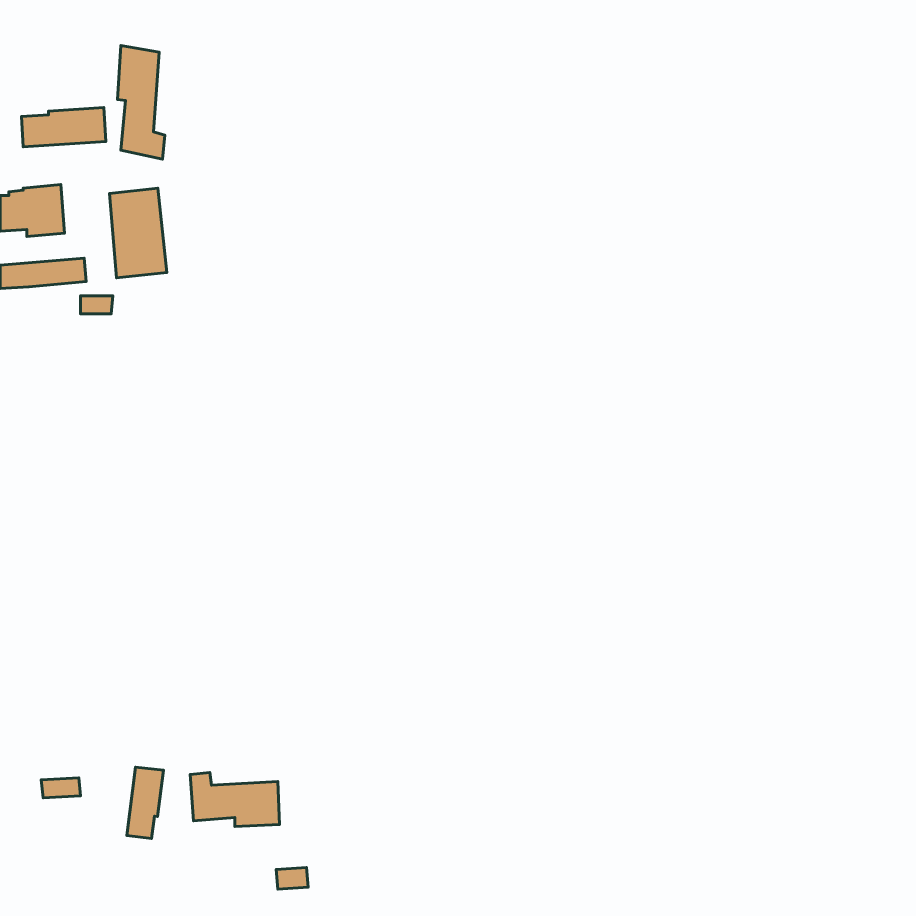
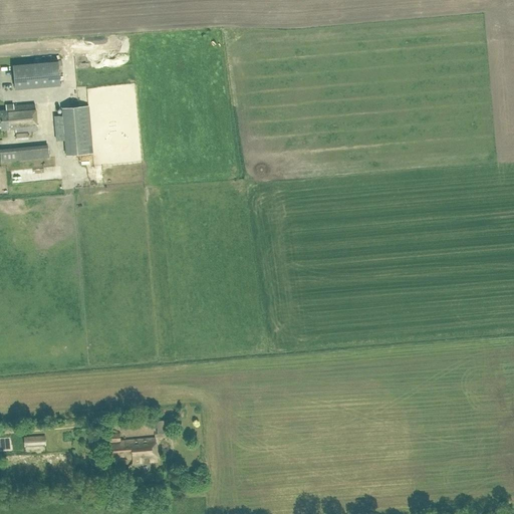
building: [117,46,165,159] -> none
building: [127,767,163,838] -> none

